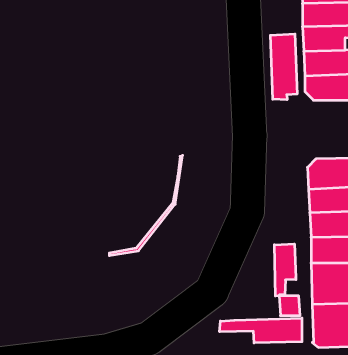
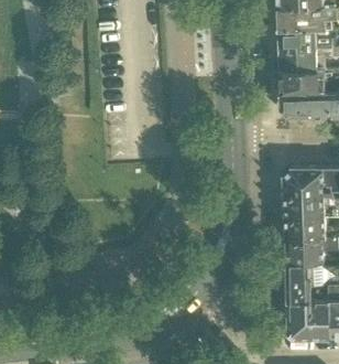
building: [270,34,297,100] -> none
building: [274,244,296,296] -> none
building: [220,318,302,343] -> none

